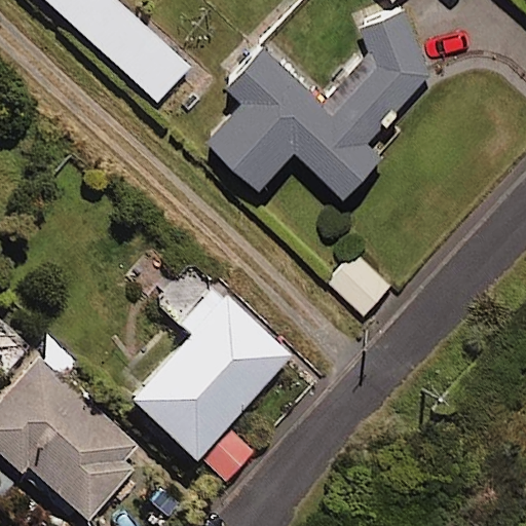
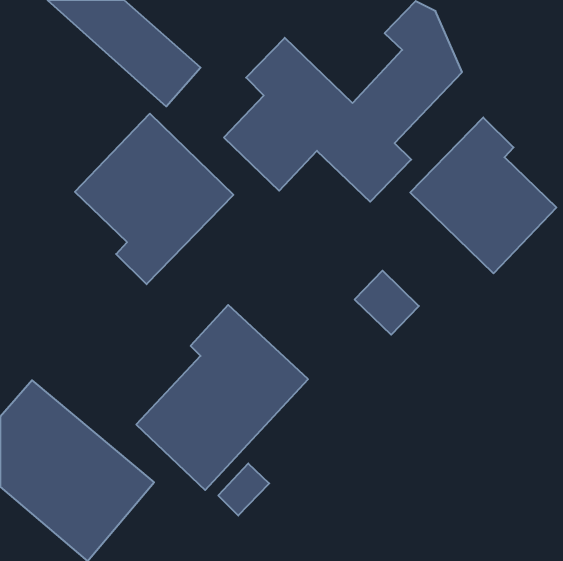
building: none -> [75,114,233,284]
building: none -> [410,117,556,273]

